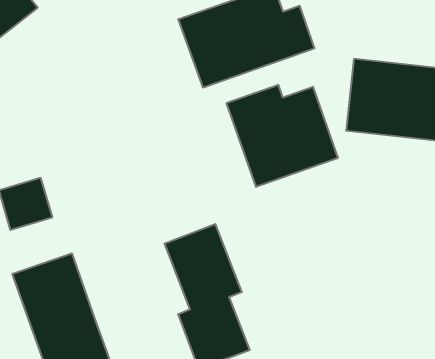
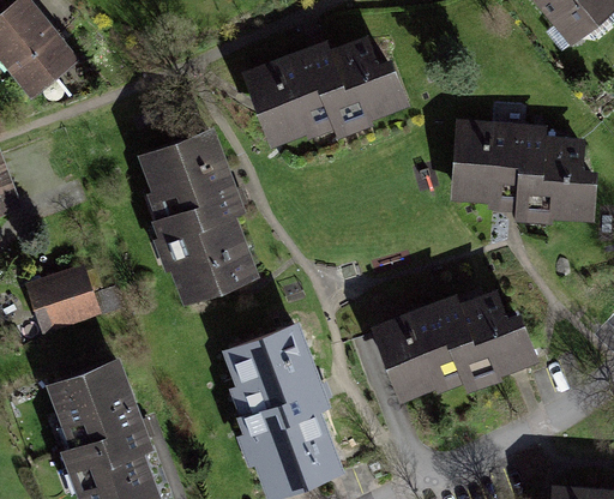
building: none -> [142,128,248,305]
building: [227,85,338,187] -> none
building: none -> [375,291,534,403]

